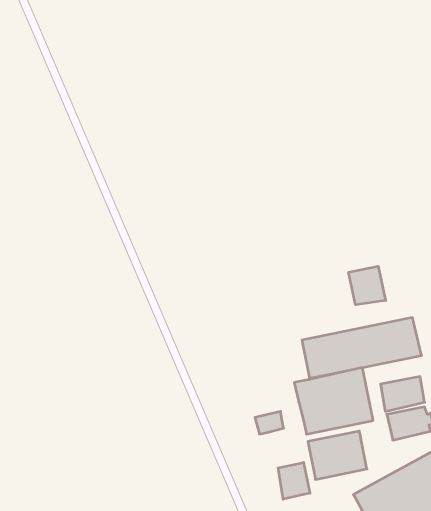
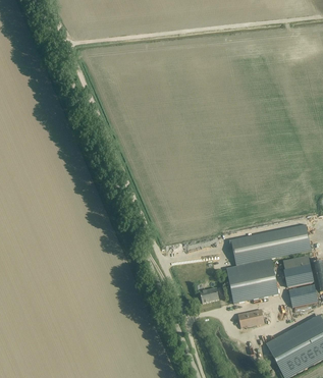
building: [349,266,386,305] -> none
building: [278,462,310,499] -> none

